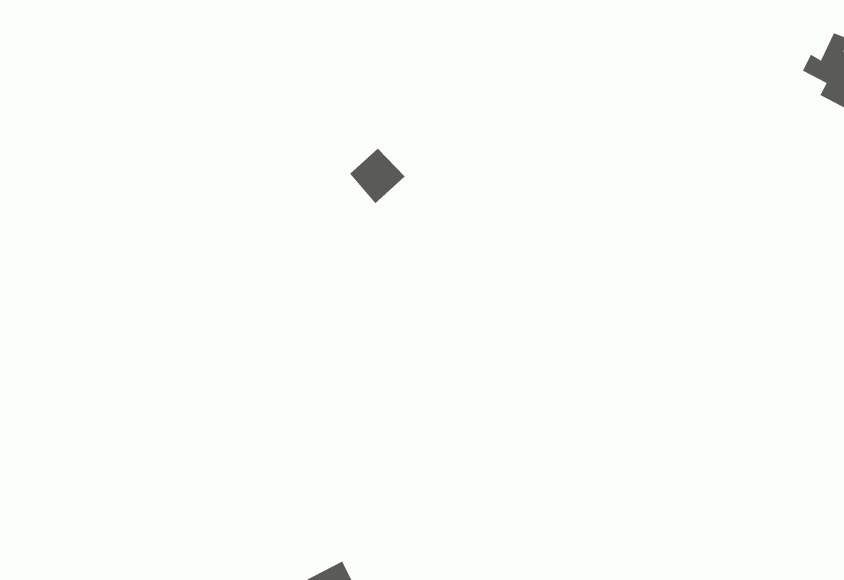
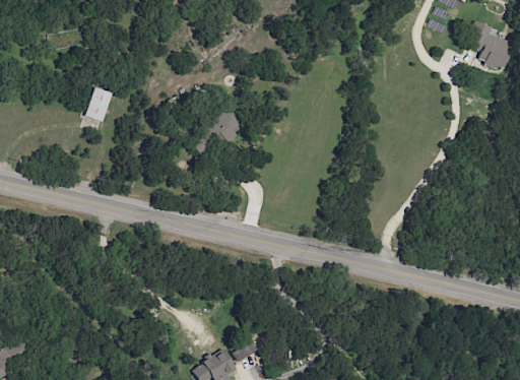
building: none -> [84,85,112,121]

